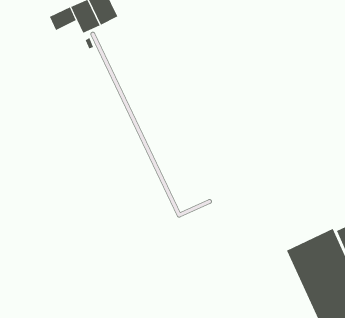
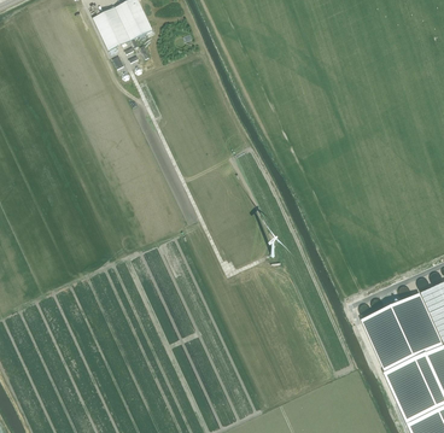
building: [49,6,77,31] -> none

